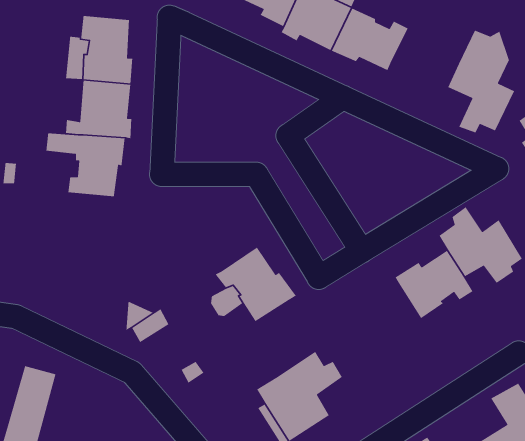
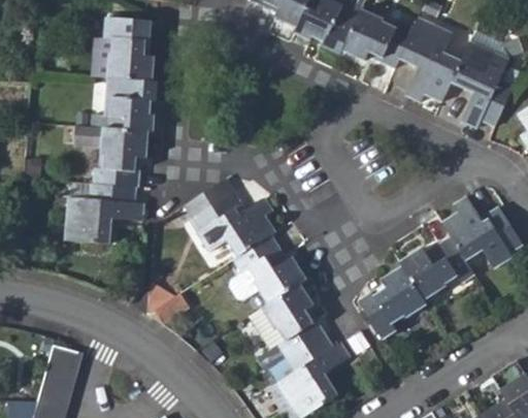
building: none -> [398,18,460,101]
building: none -> [190,180,293,256]
building: none -> [65,183,144,244]
building: none -> [360,267,427,339]
building: none -> [249,284,326,356]

